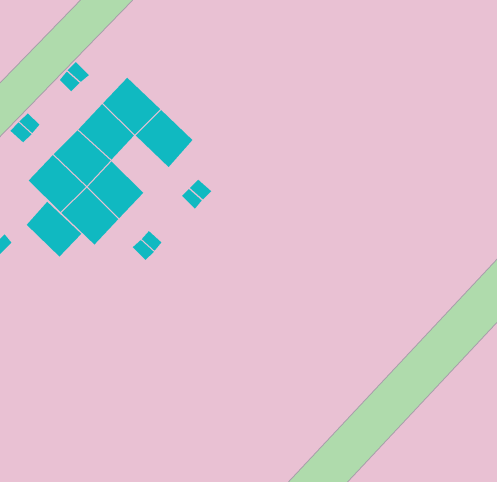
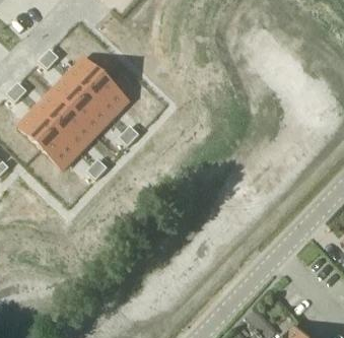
building: none -> [74,95,112,133]
building: [26,201,82,258] -> none

